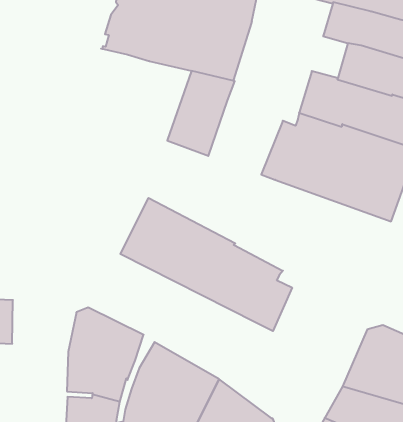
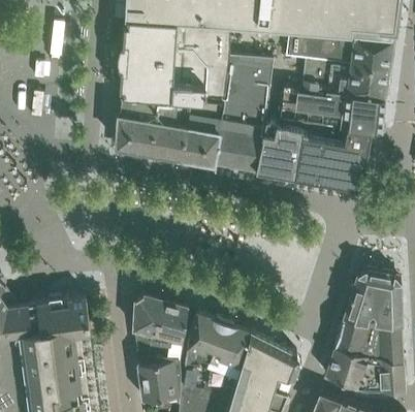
building: none -> [214,57,274,171]
building: none -> [116,97,190,158]
building: [120,198,292,331] -> none

